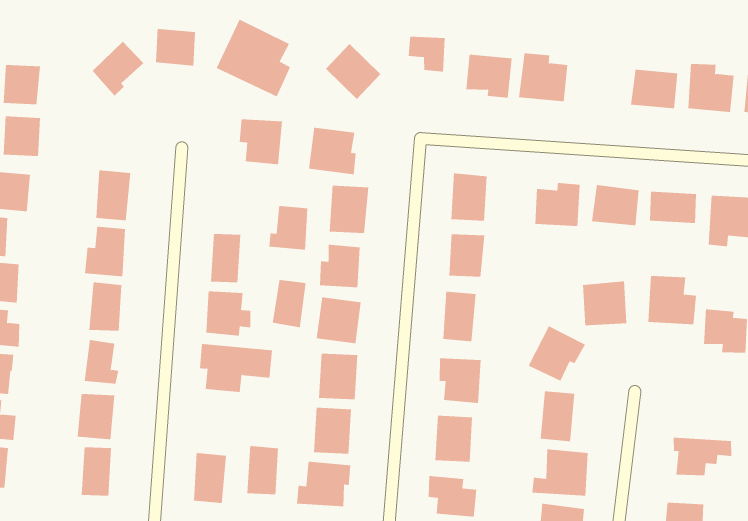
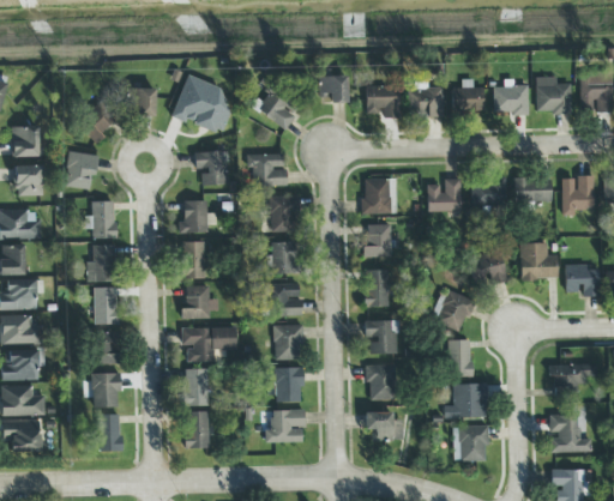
building: none -> [451,79,483,111]
building: none -> [66,152,96,189]
building: [268,206,308,250] -> [179,200,207,233]
building: [272,279,306,328] -> none
building: [247,445,279,495] -> [185,369,209,406]

